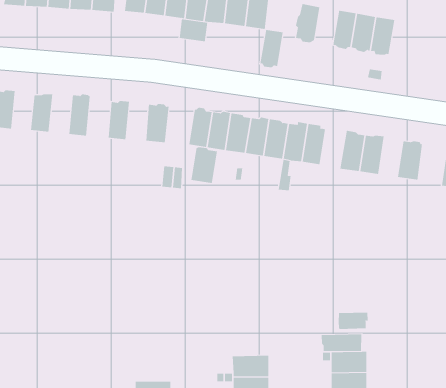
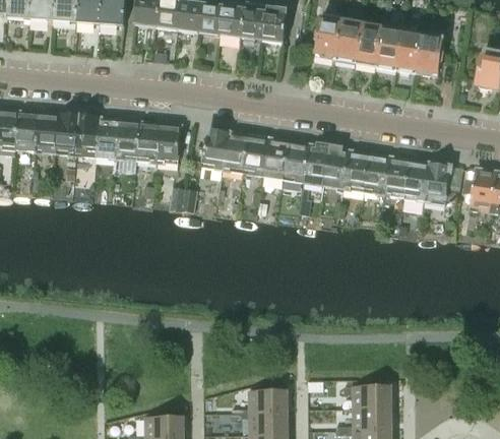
building: [179,18,208,42] -> none
building: none -> [415,34,443,75]
building: [260,29,284,68] -> [335,20,361,61]
building: none -> [15,109,39,150]
building: none -> [55,110,79,154]
building: none -> [95,115,120,159]
building: none -> [136,120,160,162]
building: none -> [341,149,369,191]
building: none -> [403,156,429,200]
building: [191,146,218,184] -> none
building: [338,312,368,330] -> none
building: [321,334,362,352] -> none

